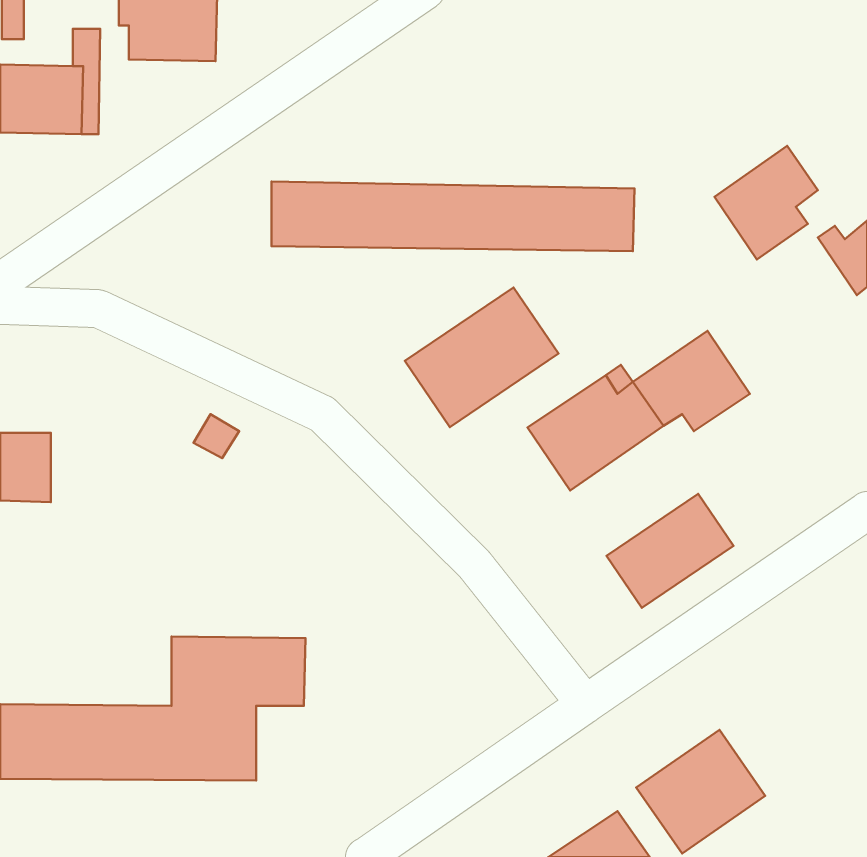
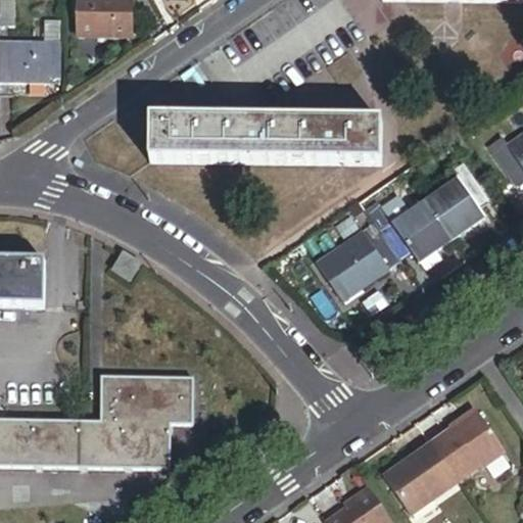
building: [714,146,818,260] -> [426,169,488,237]
building: [405,287,558,427] -> none
building: [606,494,734,608] -> none
building: none -> [433,409,505,479]

